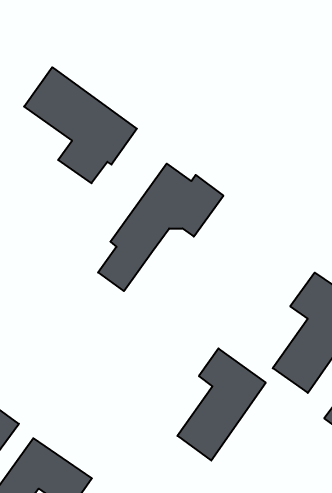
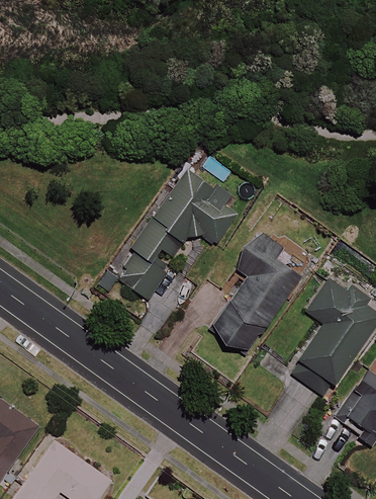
building: [24,67,137,183] -> none
building: [177,348,266,461] -> [213,238,300,348]

